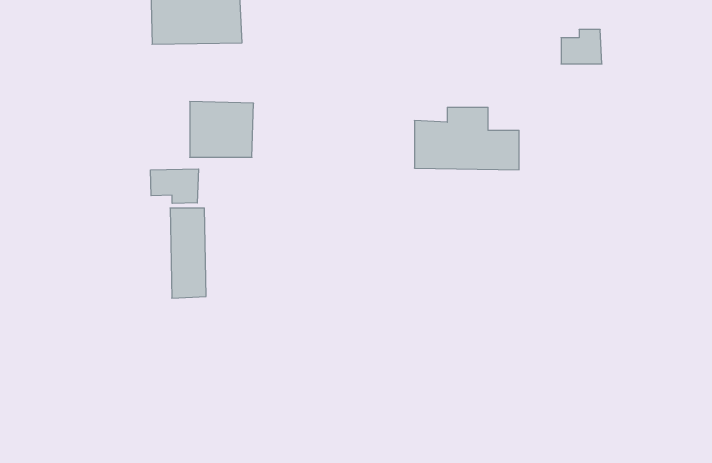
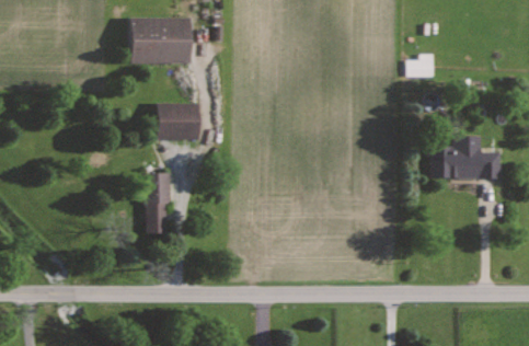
building: [414,107,519,170] -> [430,137,501,178]
building: [151,169,199,203] -> none

